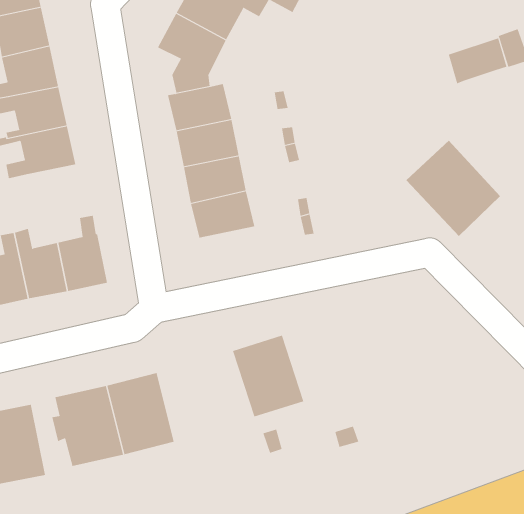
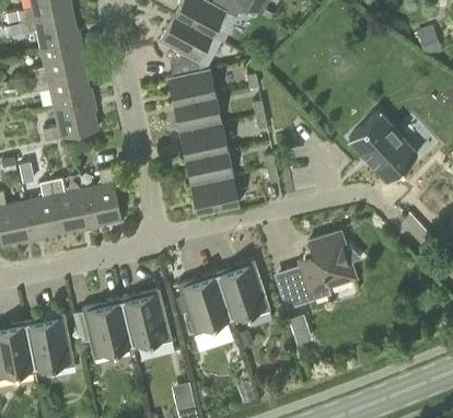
building: [448,38,507,84] -> none
building: none -> [190,178,239,214]
building: none -> [286,233,361,305]
building: none -> [176,272,232,336]

